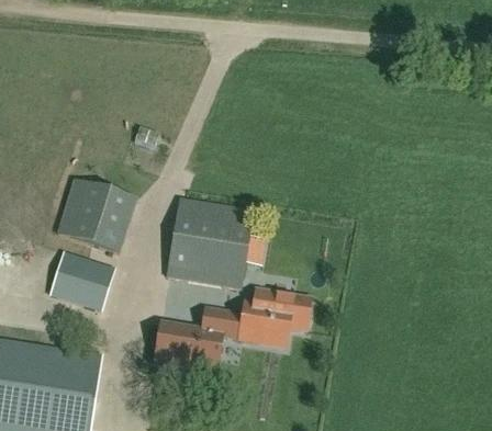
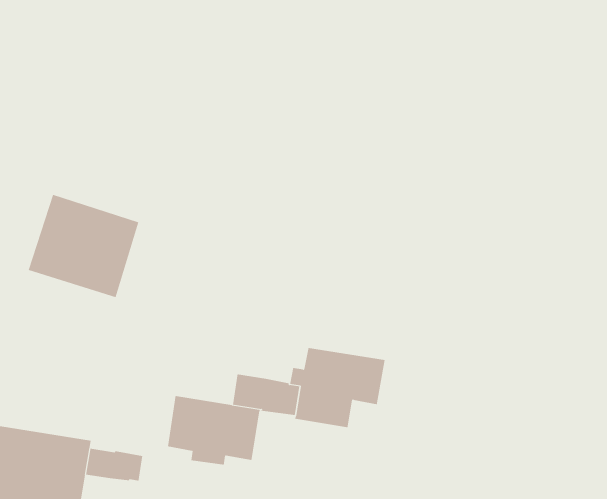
building: [166,197,253,288] -> none
building: [55,254,113,310] -> none
building: none -> [86,448,143,481]

